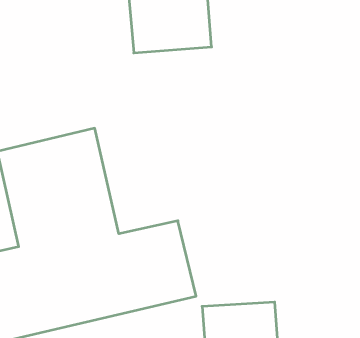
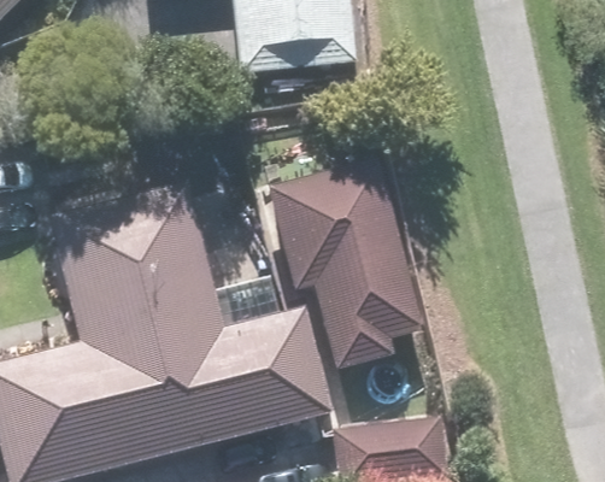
building: none -> [270,169,418,365]

